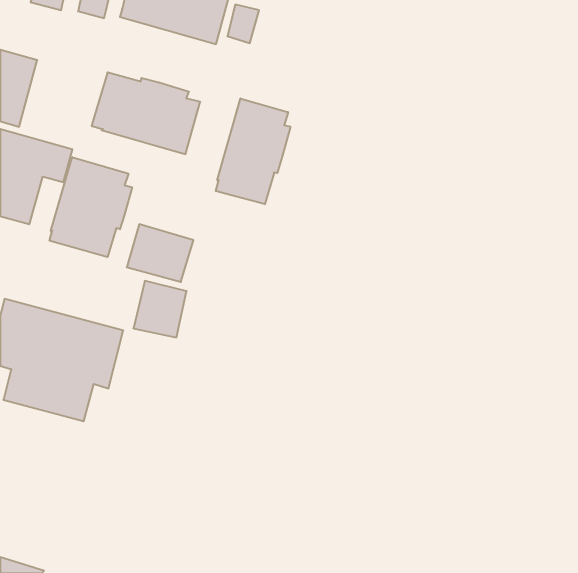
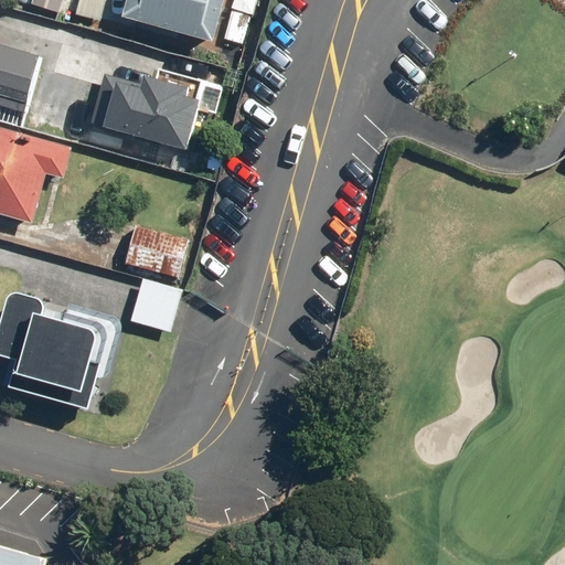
building: [216,98,290,204] -> none
building: [50,157,132,257] -> none

